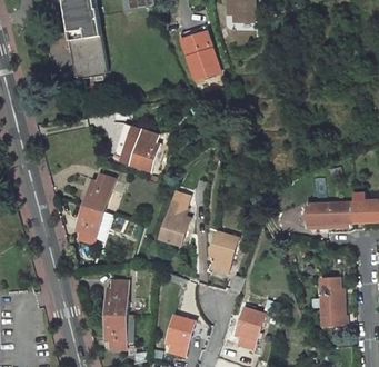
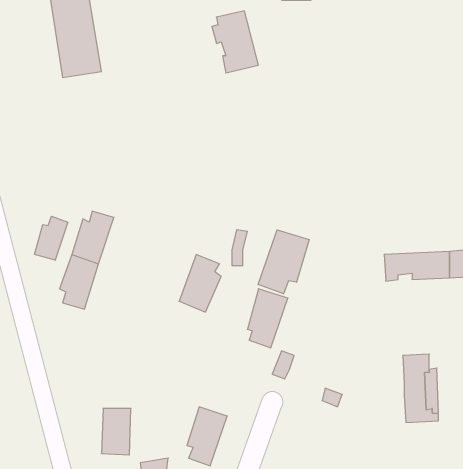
building: [128,131,157,172] -> none
building: none -> [34,216,68,260]
building: none -> [258,230,309,294]
building: [104,281,127,316] -> none
building: [231,308,261,349] -> none

